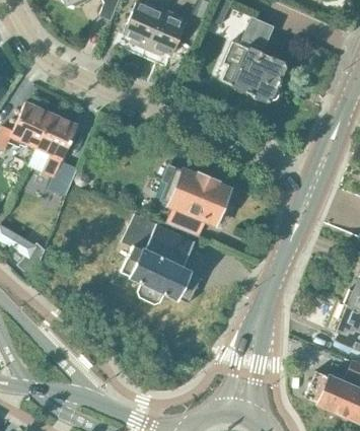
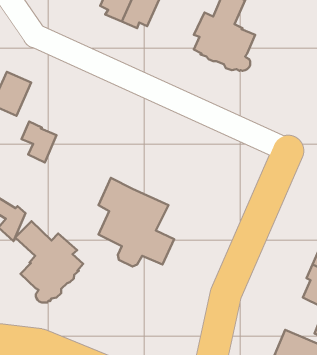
building: [27,113,76,171] -> none
building: [160,164,232,235] -> none
building: none -> [15,221,83,303]

